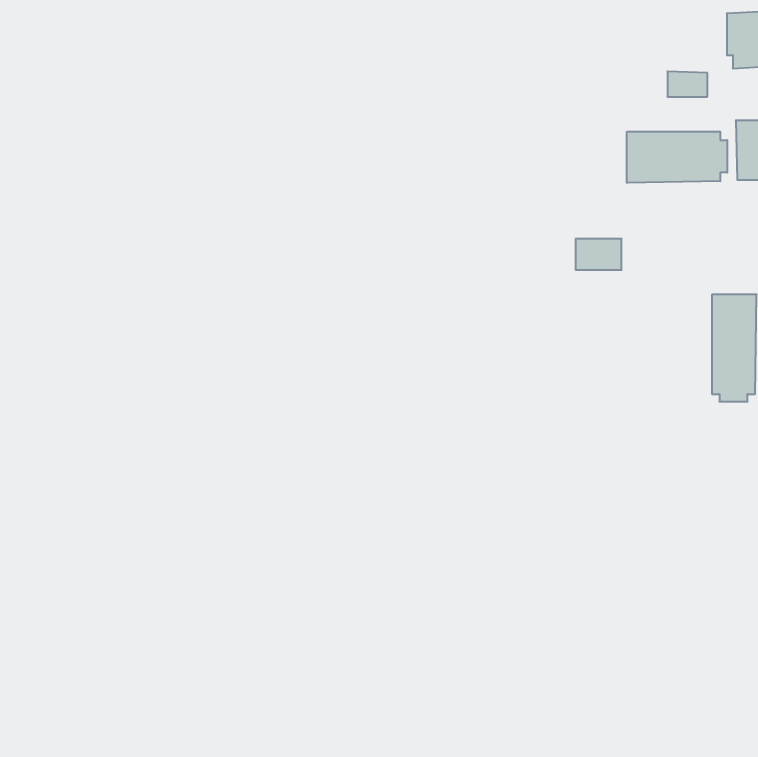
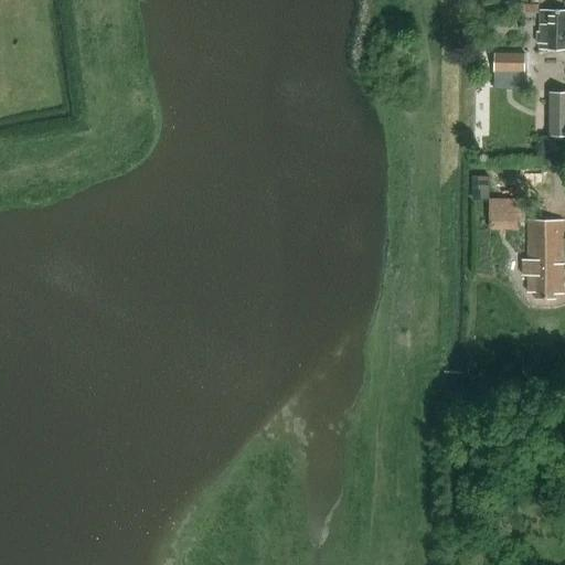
building: [627,132,727,183] -> none
building: [576,239,622,270] -> [492,198,526,221]

